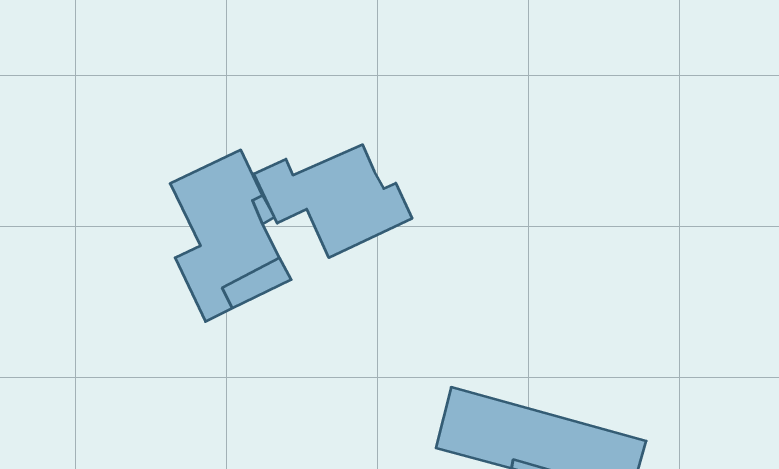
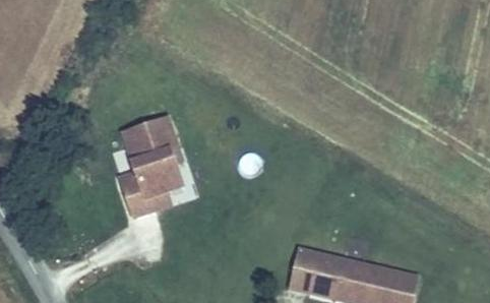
building: [254,145,412,258] -> none

